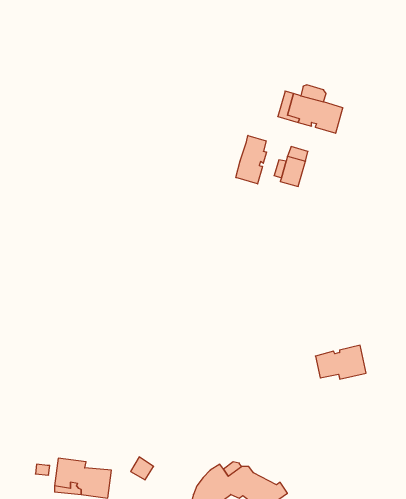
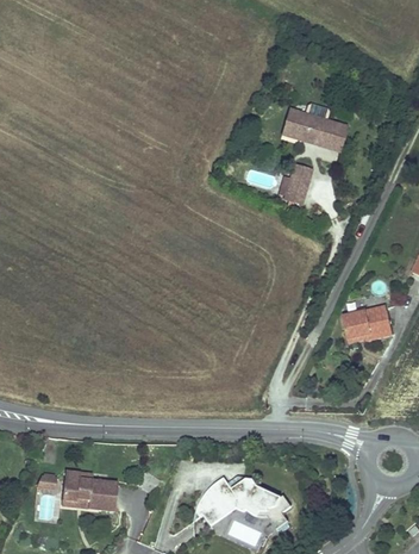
building: [236,135,267,184] -> none
building: [315,345,366,379] -> [342,306,392,340]

